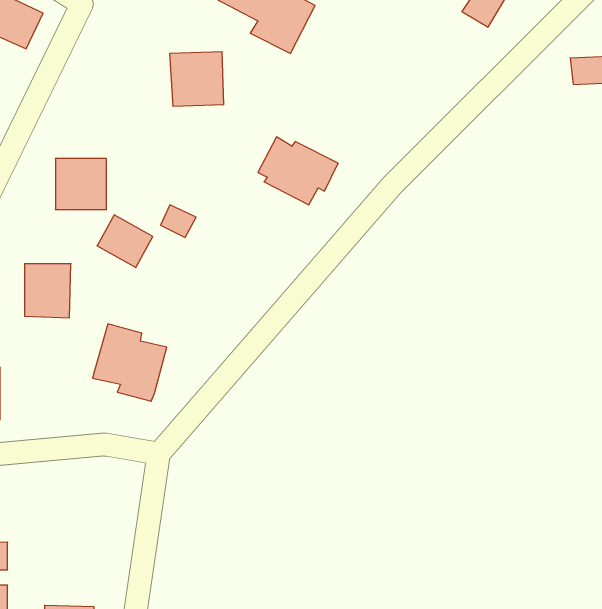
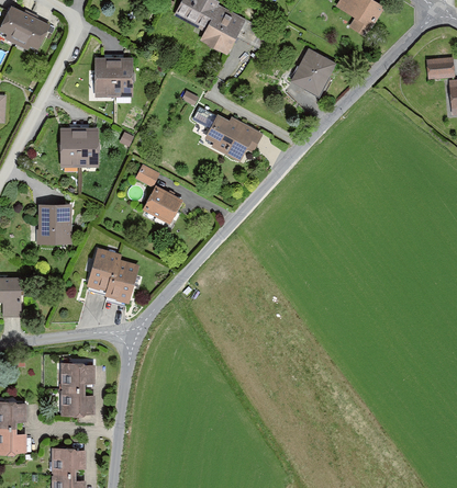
building: none -> [289,47,336,97]
building: [170,52,224,106] -> [94,57,133,95]
building: [97,215,153,267] -> [144,186,183,224]
building: none -> [62,363,96,412]

